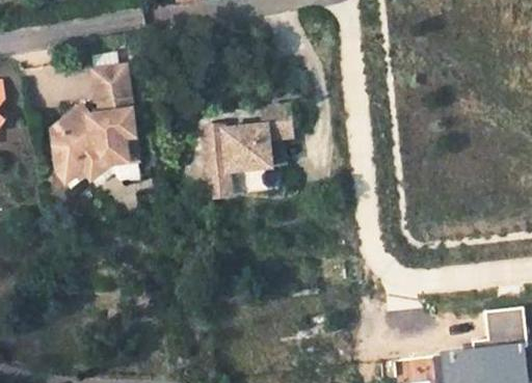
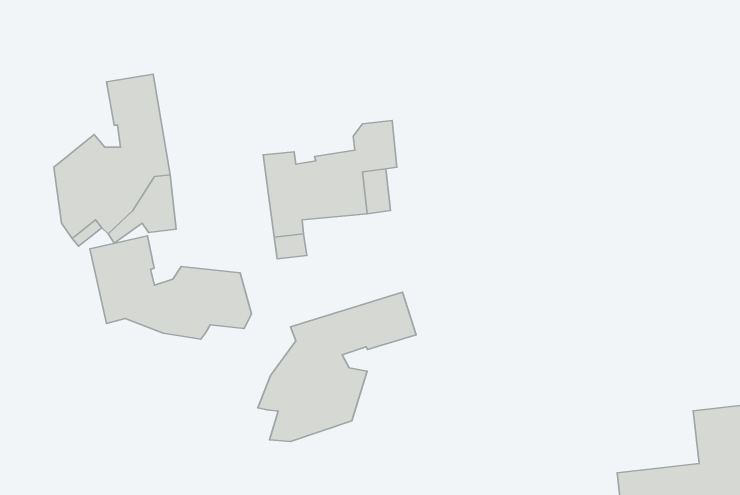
building: none -> [90,236,251,339]
building: none -> [258,292,416,441]

